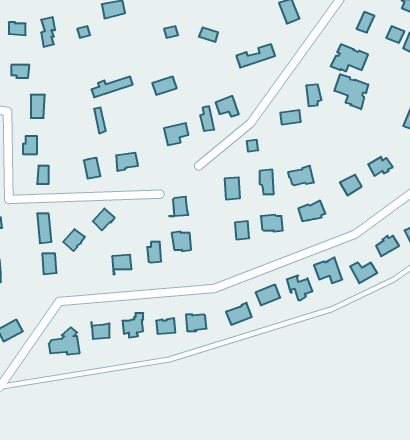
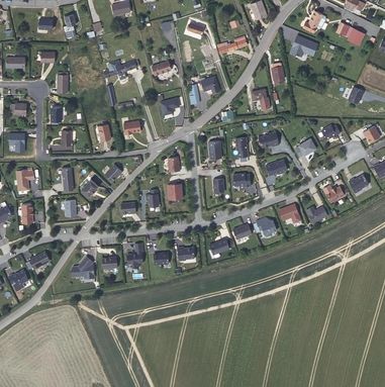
building: [334,74,368,109] -> none

